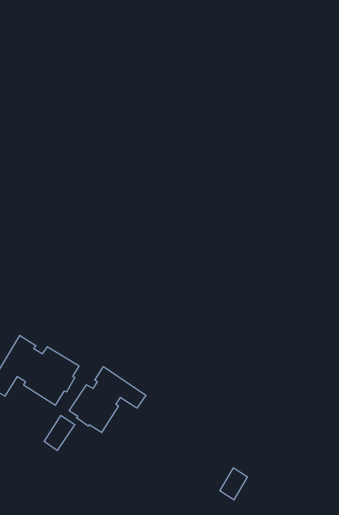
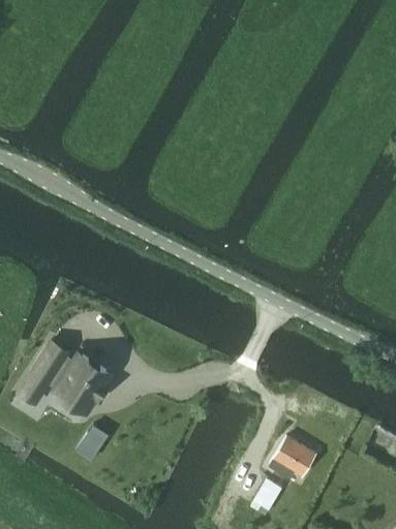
building: [69,367,146,433] -> none
building: none -> [269,436,315,475]

